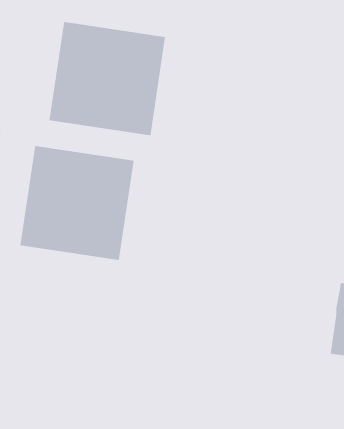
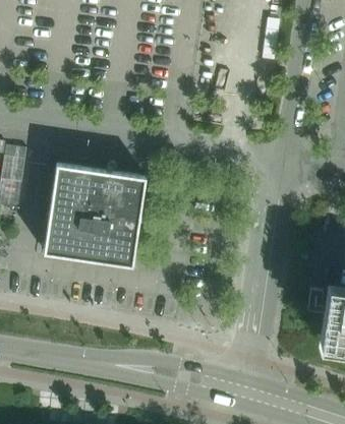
building: [49,21,166,136] -> none

